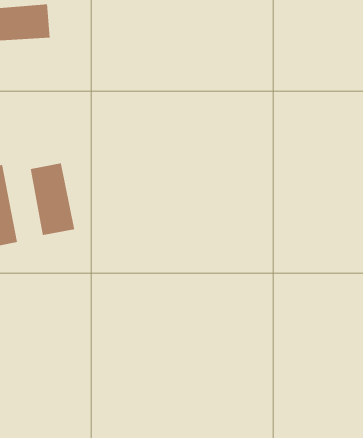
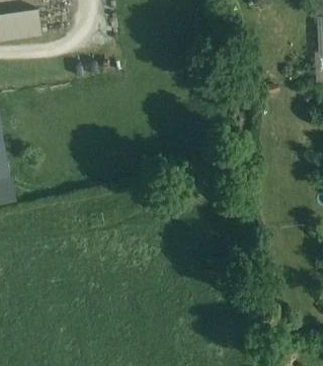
building: [30,163,75,236] -> none

